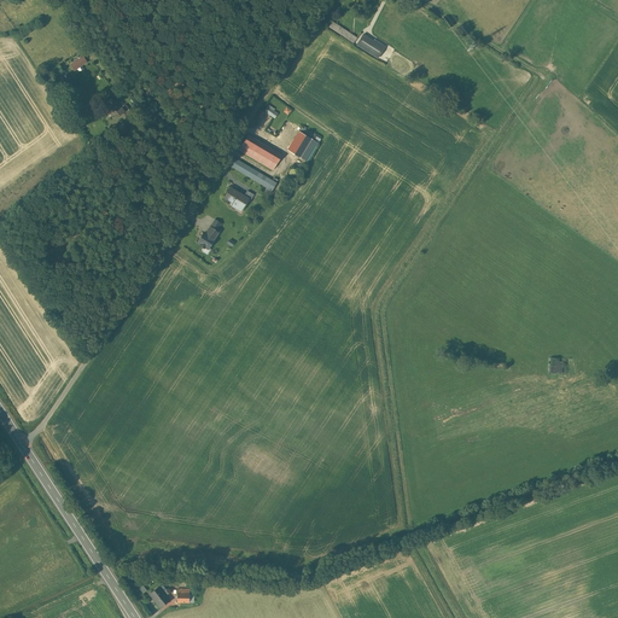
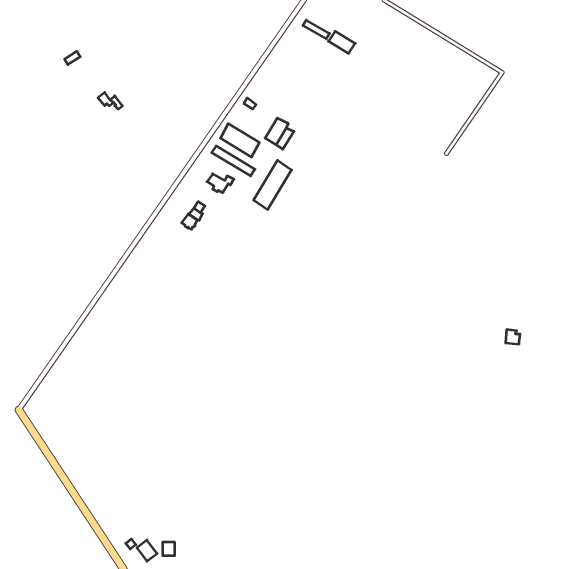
building: none -> [254,160,292,210]

